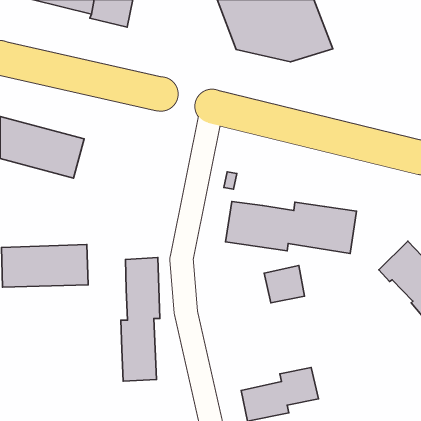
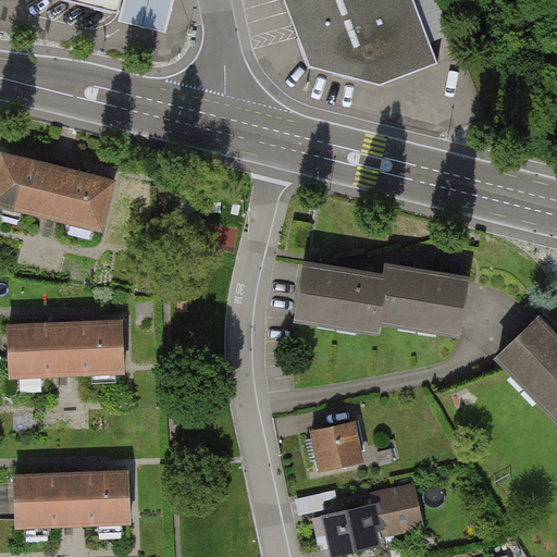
building: [121,258,160,381] -> none
building: [264,266,305,303] -> [306,420,359,469]
building: none -> [8,470,123,528]

